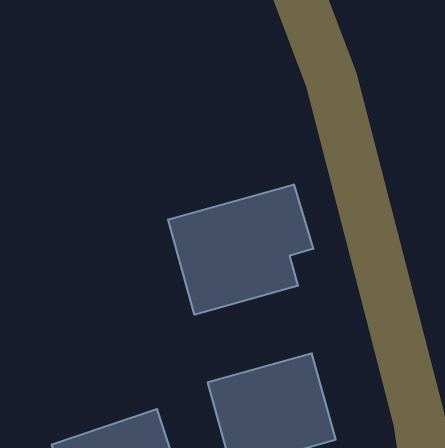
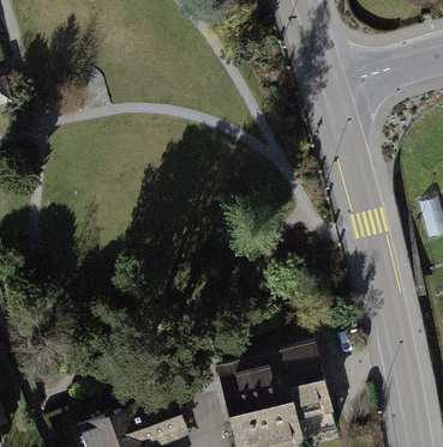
building: [168,184,313,315] -> none

